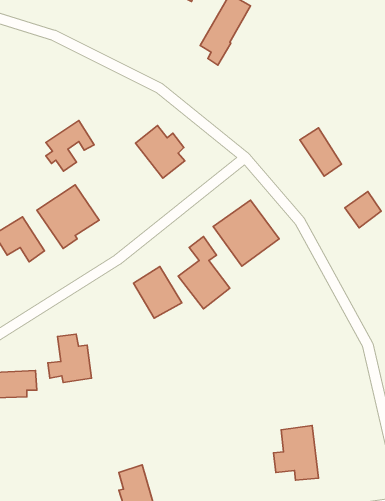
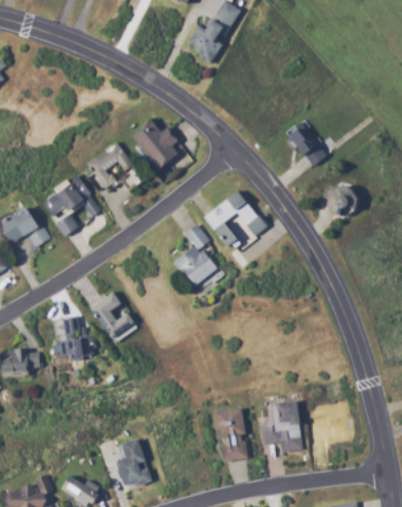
building: [46,121,94,171] -> [85,143,130,190]
building: [133,267,182,318] -> [89,290,134,339]
building: none -> [217,408,248,462]

